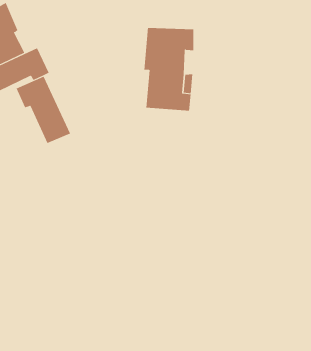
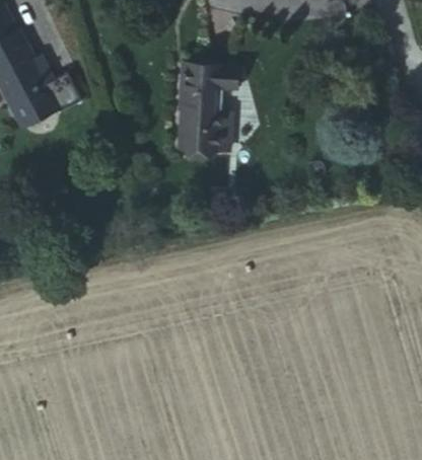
building: [16,76,71,144] -> none

